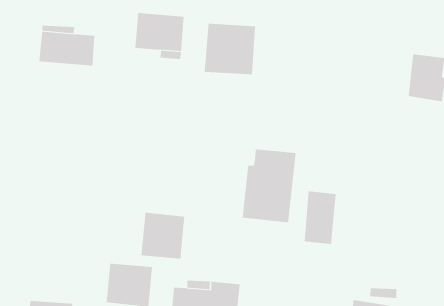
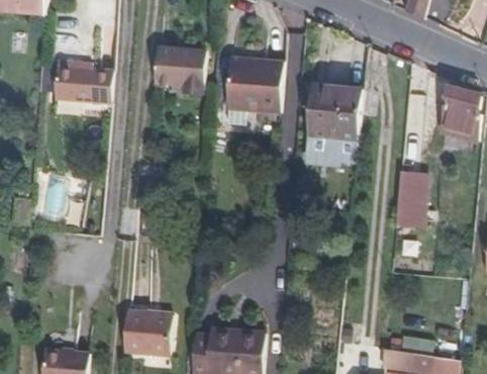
building: [242,149,297,223] -> [304,84,362,162]
building: [304,191,337,245] -> [393,171,427,227]
building: [141,212,185,259] -> none

